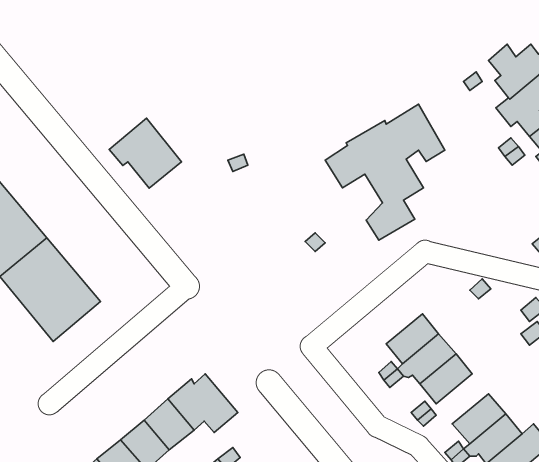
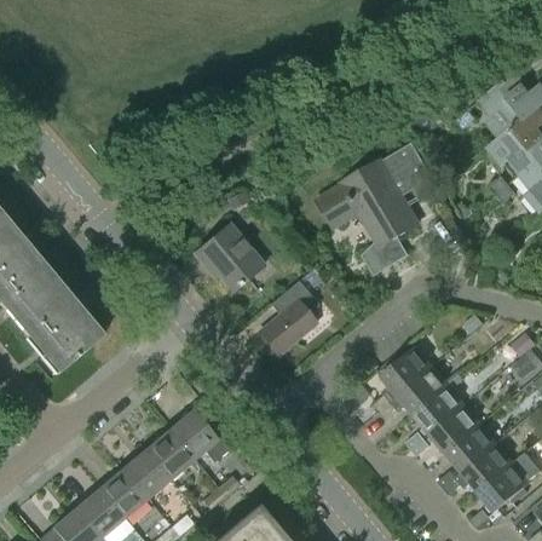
building: [109,118,182,188] -> [192,224,263,292]
building: none -> [258,281,317,355]
building: none -> [428,405,479,454]

